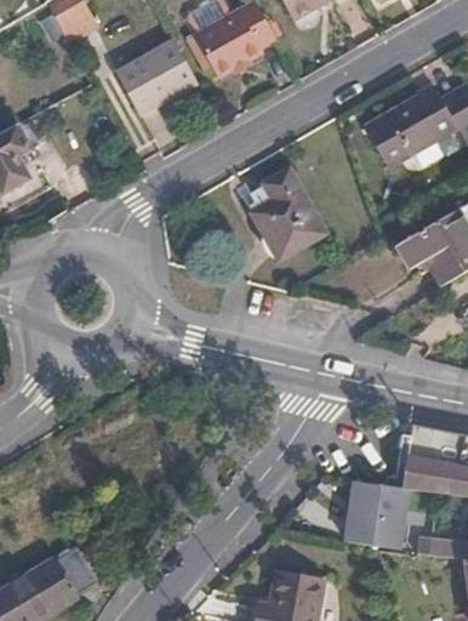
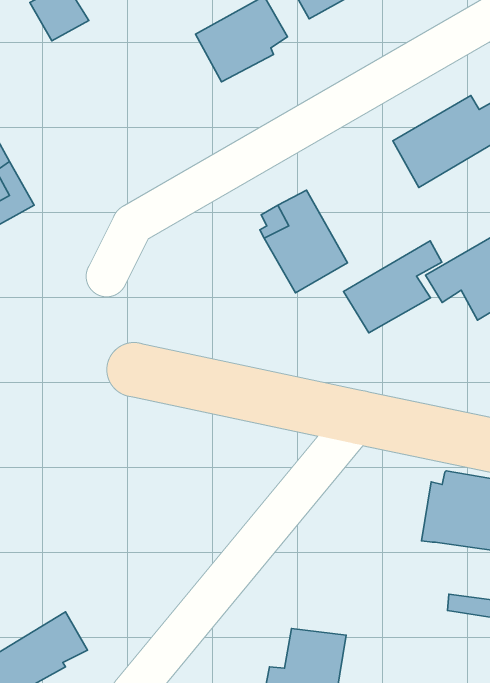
building: [112,40,194,115] -> none
building: none -> [343,241,442,333]
building: [343,478,403,543] -> none

